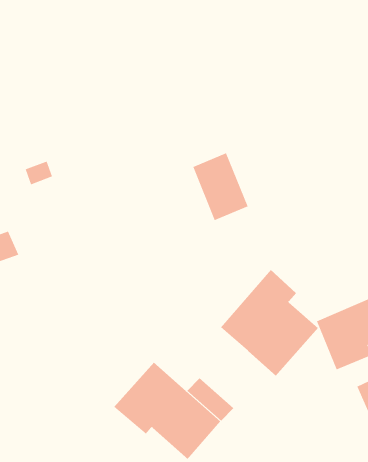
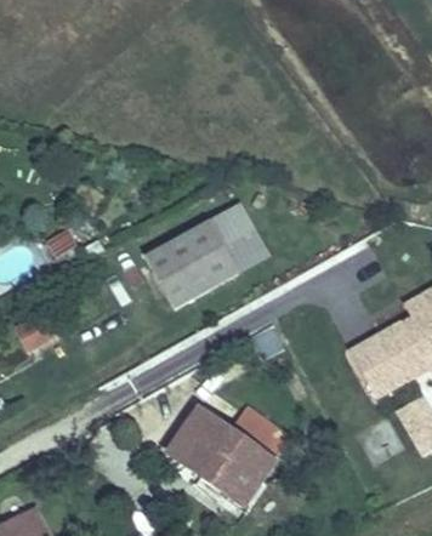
building: none -> [147,219,238,306]
building: [220,269,319,377] -> none

